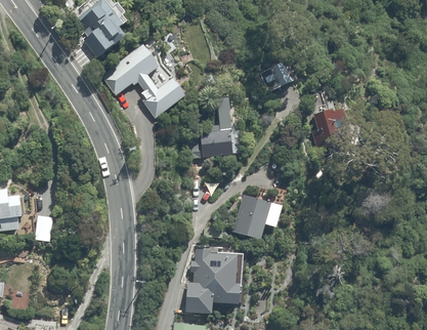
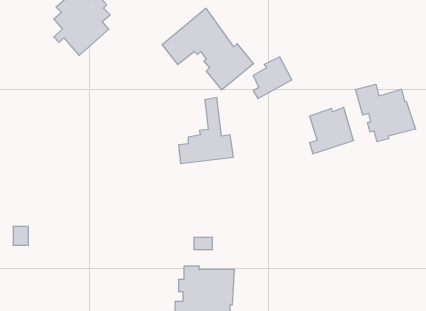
building: [101,43,186,119] -> [162,8,254,90]
building: none -> [355,84,415,142]
building: [232,194,277,238] -> none

